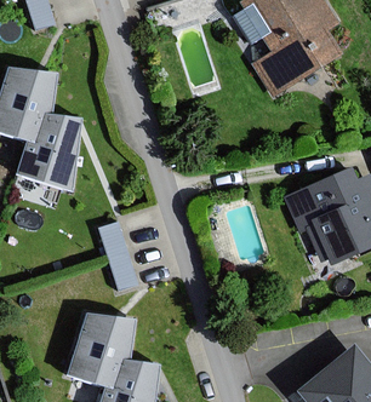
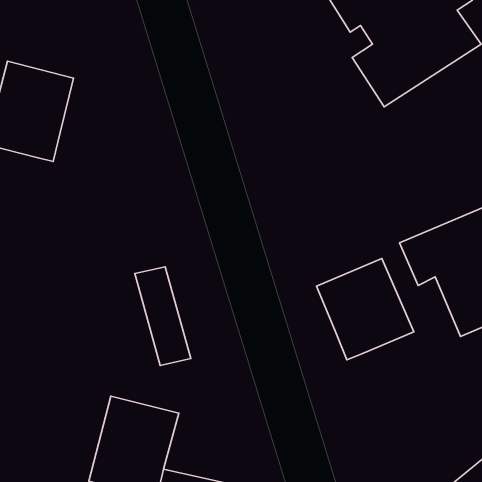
building: [19,117,87,189] -> none
building: none -> [316,258,414,360]

